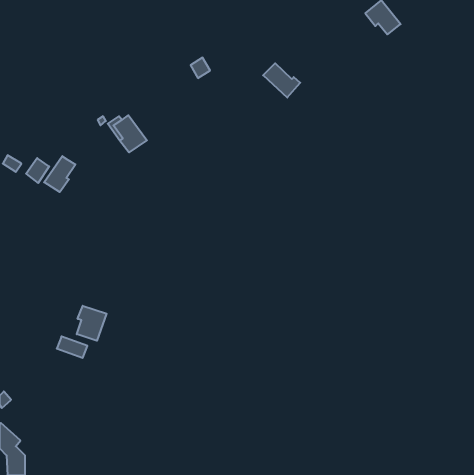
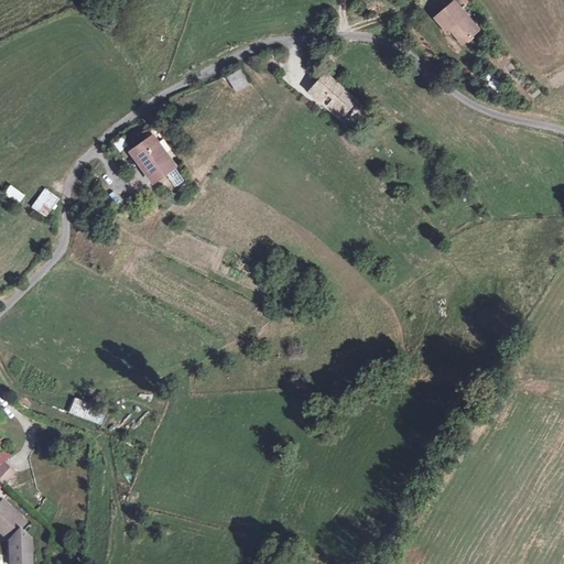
building: [44,156,75,192] -> none
building: [77,306,107,341] -> none

